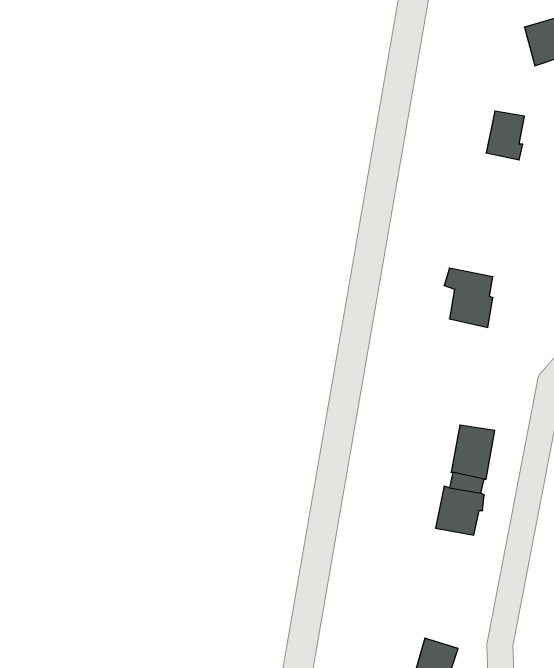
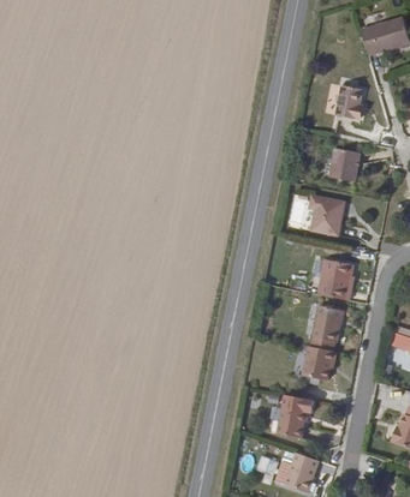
building: none -> [329,150,361,184]
building: none -> [317,256,352,298]
building: none -> [279,403,309,436]

